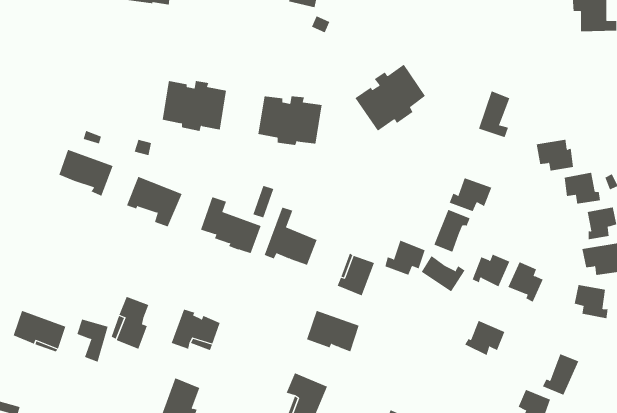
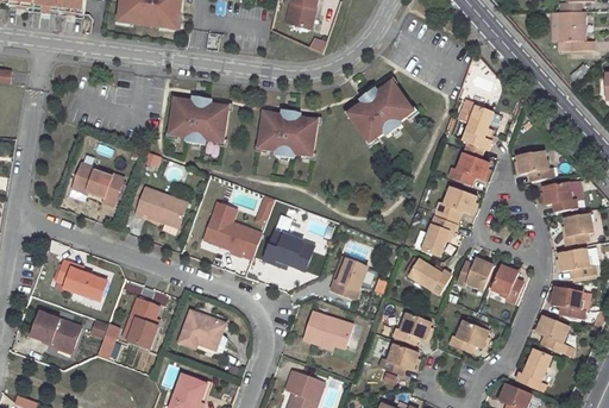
building: none -> [448,153,489,184]
building: [385,240,425,276] -> [393,312,431,345]
building: none -> [54,259,105,300]
building: none -> [536,315,569,353]
building: none -> [381,343,417,375]

